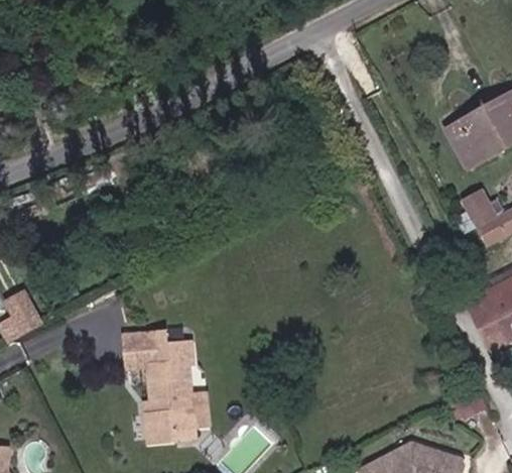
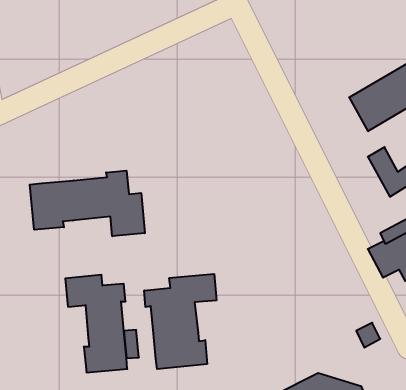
building: none -> [30,171,145,236]
building: none -> [144,274,216,369]

